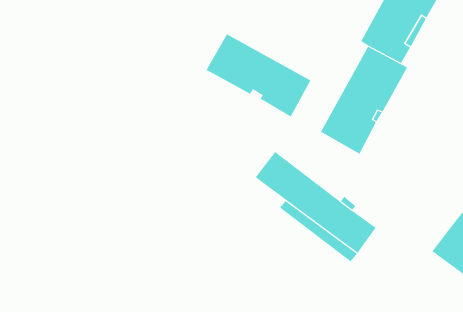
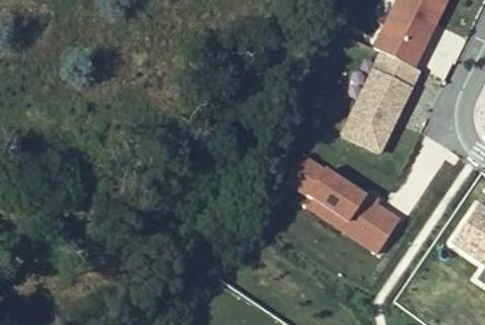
building: [206,33,311,118] -> none

